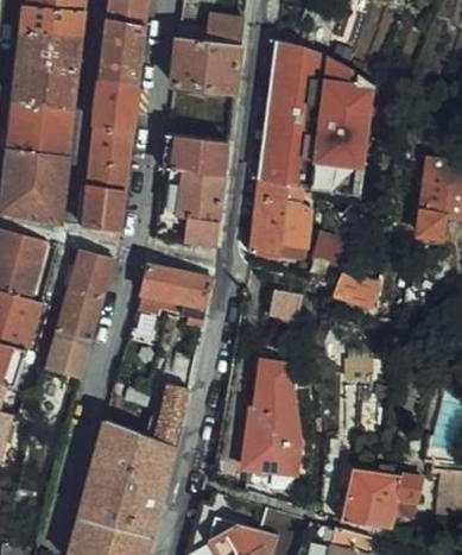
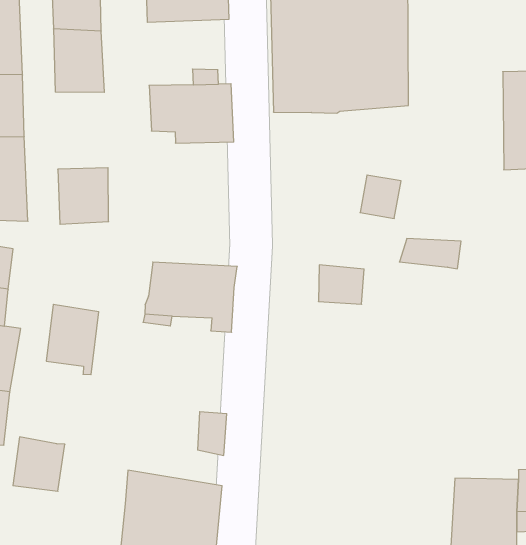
building: [88,128,132,191] -> none
building: [248,169,305,246] -> none
building: [175,181,223,247] -> none
building: [69,250,113,298] -> none
building: [45,334,89,379] -> [13,437,65,491]
building: [247,361,298,474] -> none

